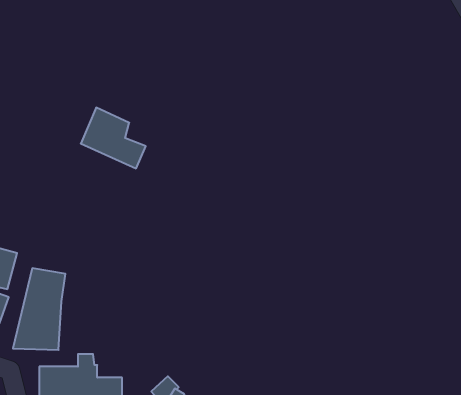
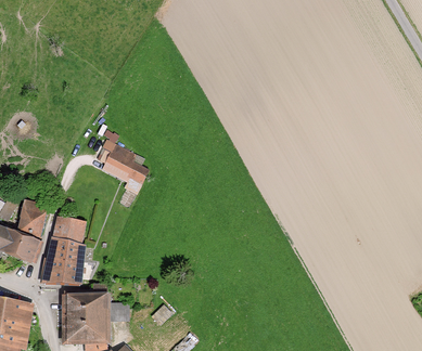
building: [81,108,146,168] -> [95,136,146,184]

